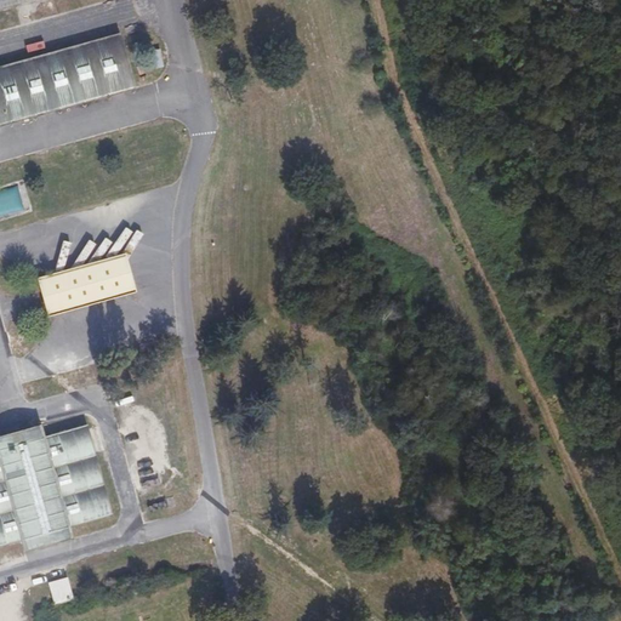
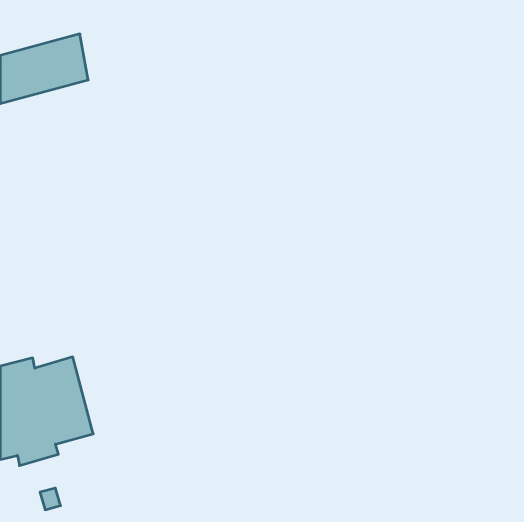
building: [95,33,135,95] -> none
building: [38,260,132,312] -> none

